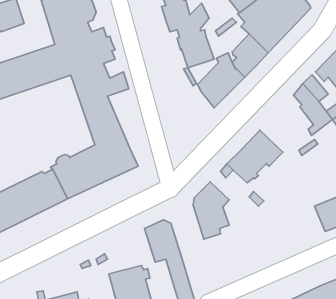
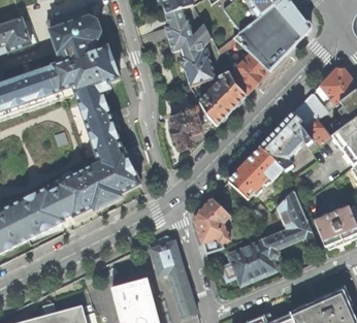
building: none -> [169,106,216,150]
building: none -> [260,112,313,170]
building: none -> [221,189,315,285]

